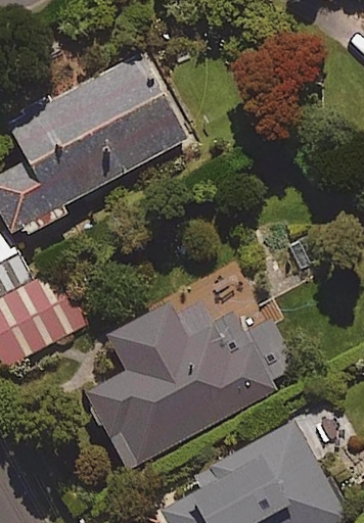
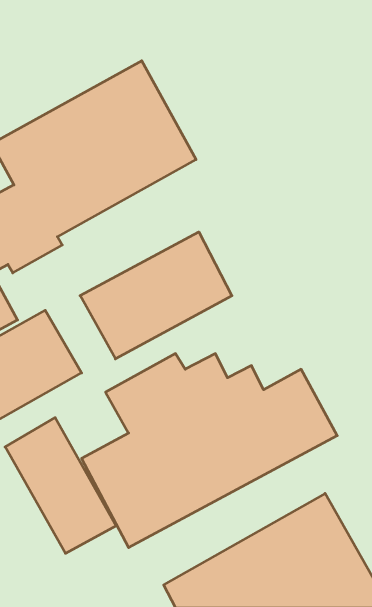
building: none -> [80,232,232,359]
building: none -> [5,418,116,553]

